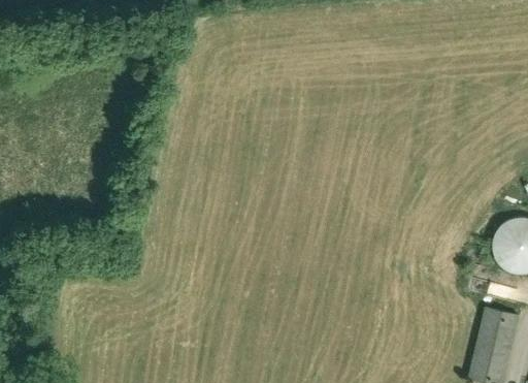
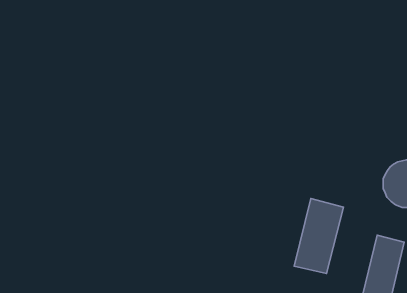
building: none -> [294,198,344,274]

